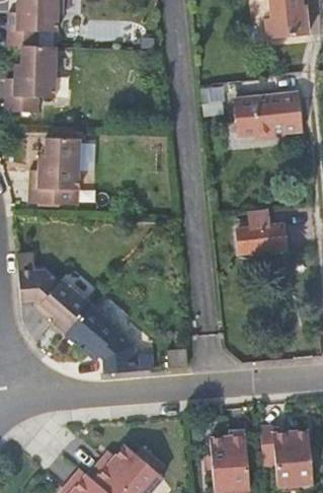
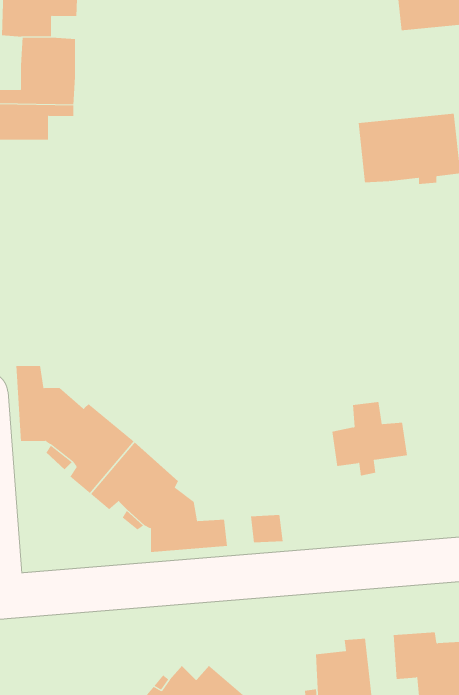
building: [31,138,82,204] -> none
building: [236,213,285,261] -> [332,402,408,476]

